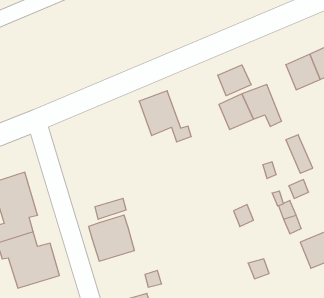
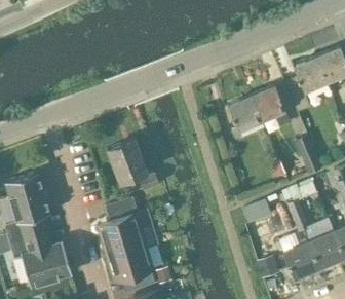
building: [218,65,251,96] -> none
building: [139,91,191,142] -> [107,140,158,190]
building: none -> [282,241,318,277]
building: none -> [110,250,155,291]

